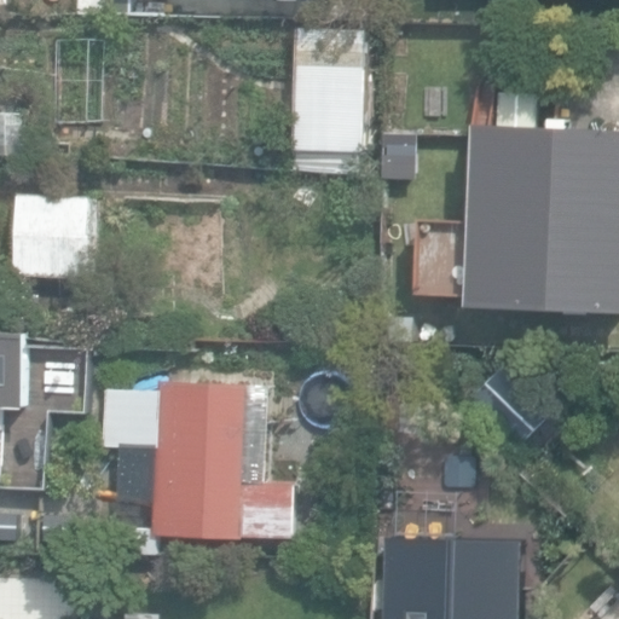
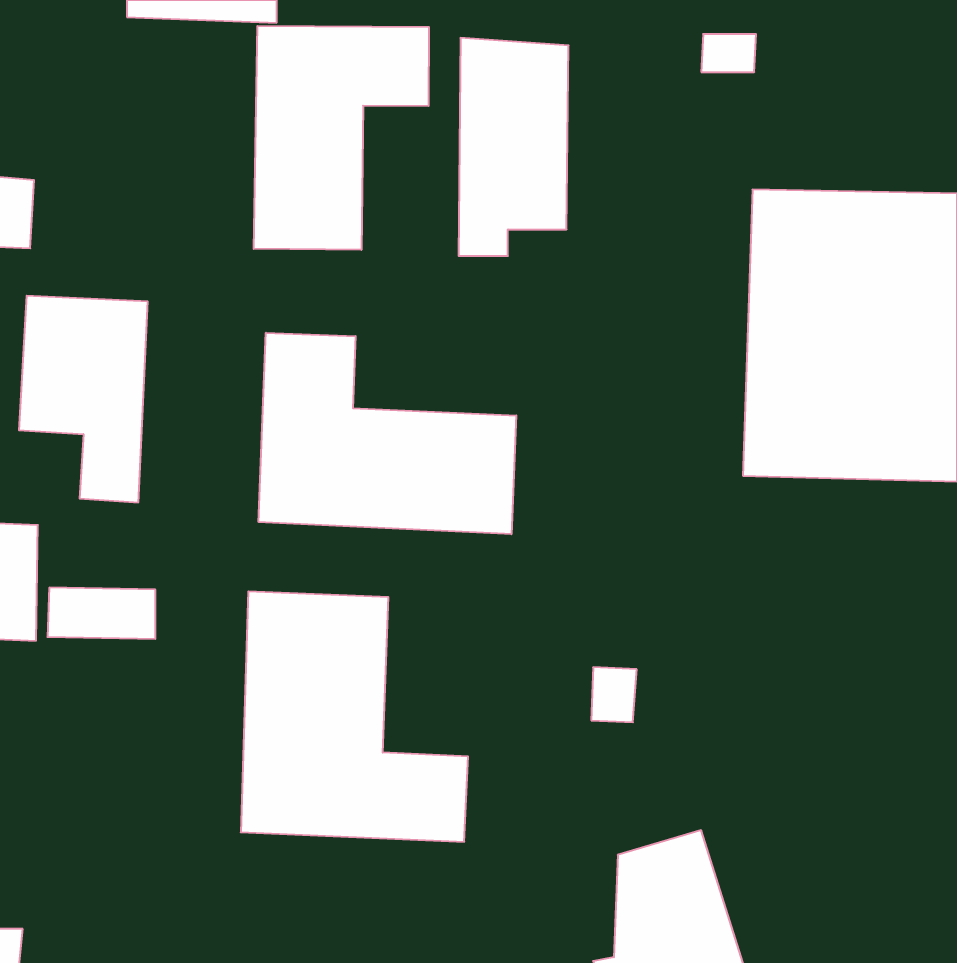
building: none -> [254,26,429,250]
building: none -> [259,333,516,534]

